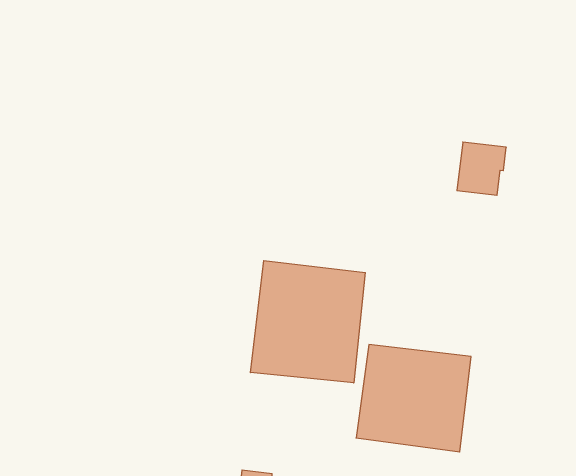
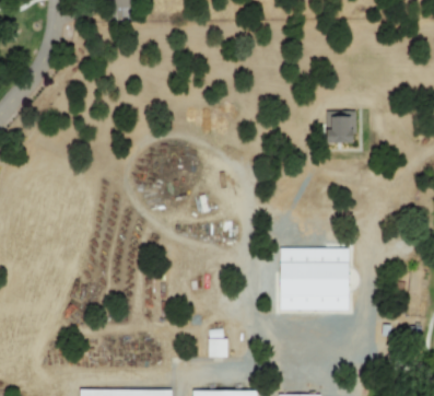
building: [250,261,365,383] -> none

